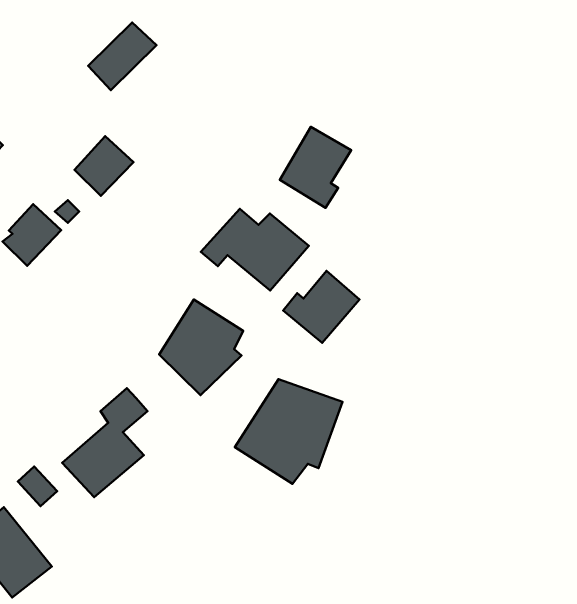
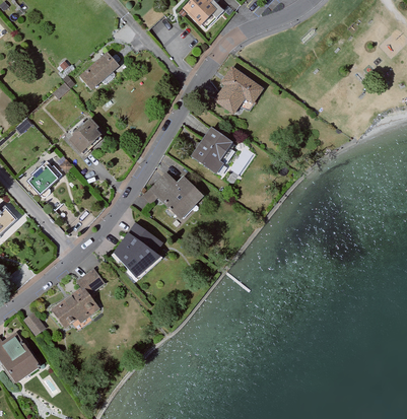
building: none -> [214,68,265,118]
building: [283,271,360,343] -> none
building: [235,379,342,484] -> none

